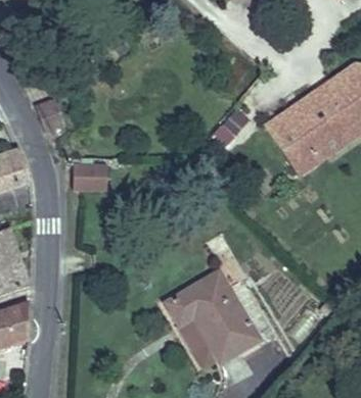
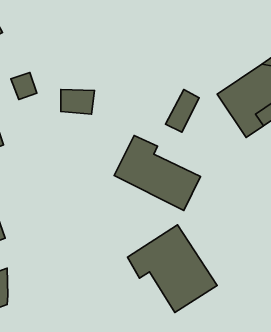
building: [72,161,109,189] -> [61,90,94,114]
building: none -> [114,136,200,211]

